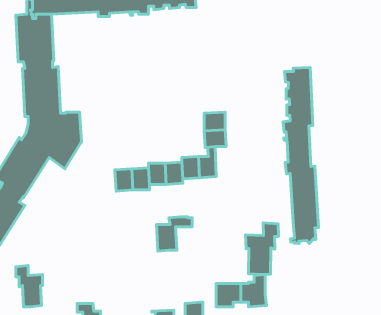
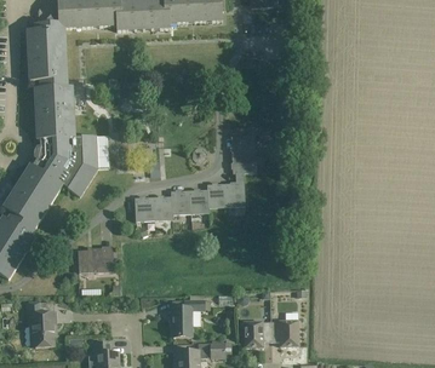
building: [283,67,319,244] -> none
building: none -> [76,247,114,272]
building: [157,217,192,251] -> [170,299,208,337]
building: [246,223,279,275] -> none

